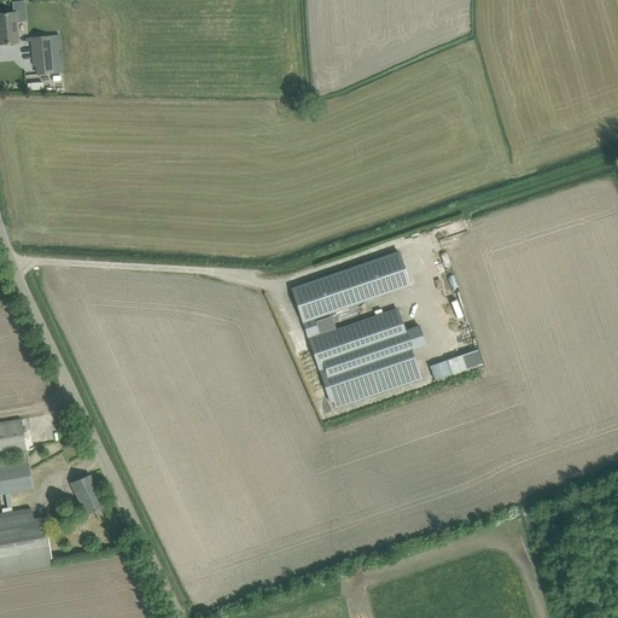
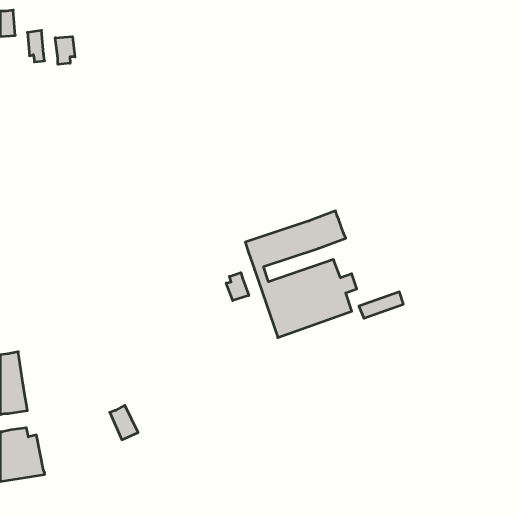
building: none -> [55,37,75,64]
building: none -> [226,273,249,301]
building: [71,474,105,515] -> [110,405,138,440]

